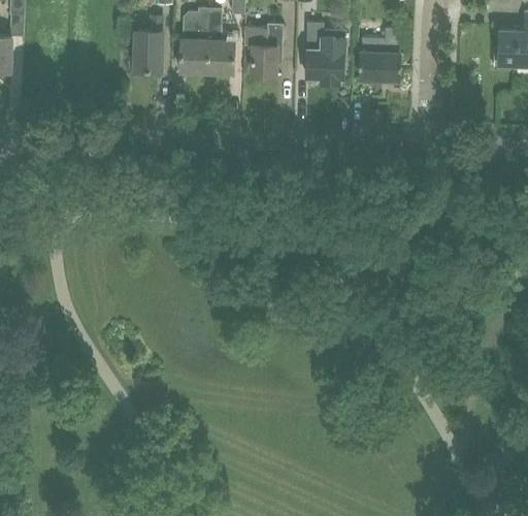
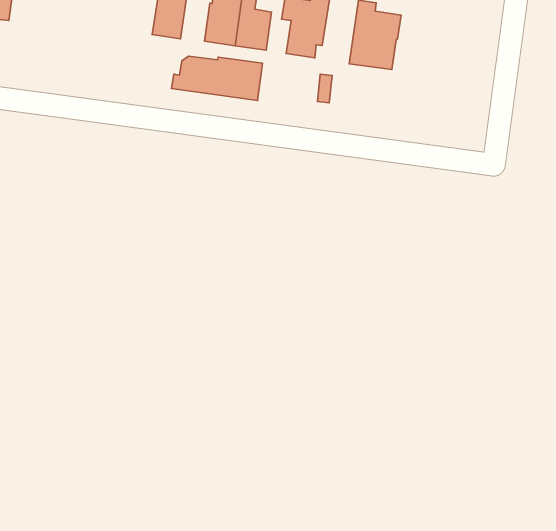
building: [359,29,400,82] -> none
building: none -> [171,56,263,100]

